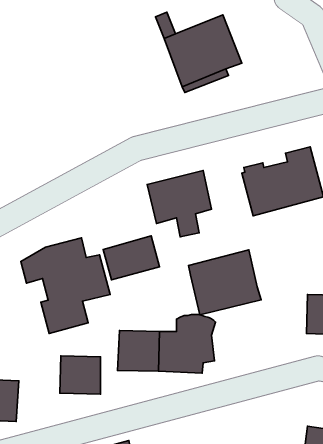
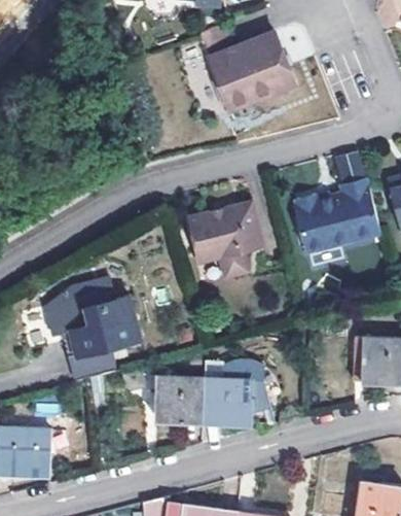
building: [103,236,159,280] -> none
building: [188,250,261,315] -> none
building: [60,356,101,394] -> none

